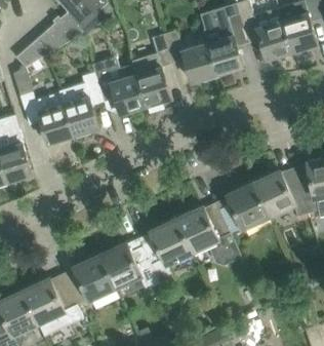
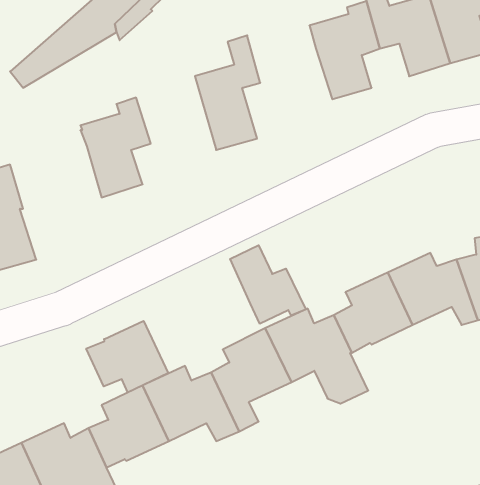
building: [165,31,218,82] -> none
building: [92,56,146,114] -> none
building: [21,92,74,144] -> none
building: none -> [230,245,306,324]
building: none -> [86,321,168,393]

